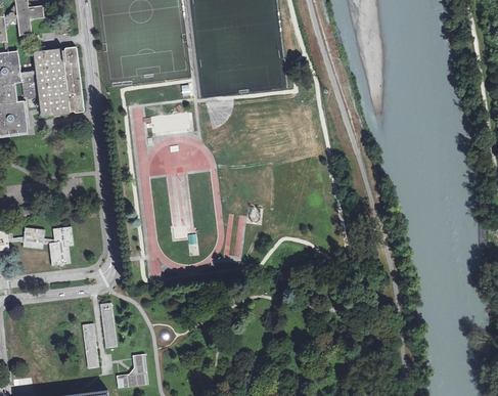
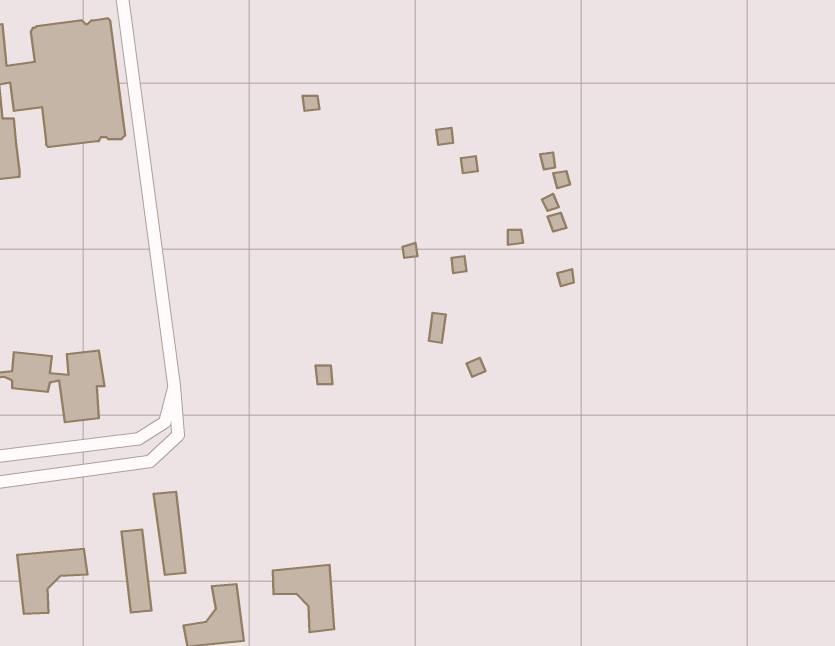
building: none -> [17,549,87,614]
building: none -> [273,565,334,632]

